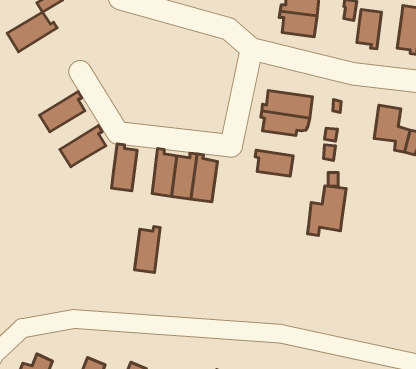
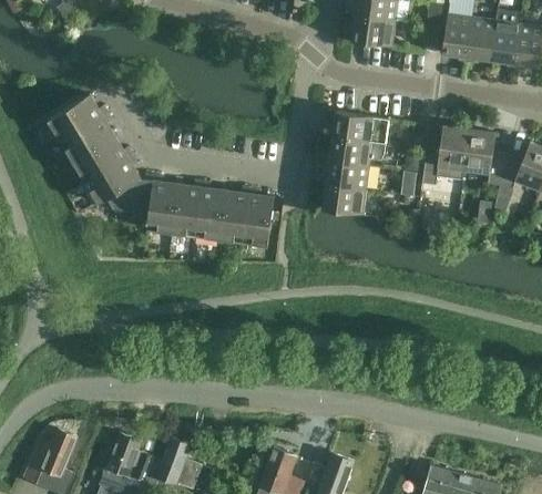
building: [7,12,57,52] -> [48,94,108,142]
building: none -> [467,18,497,63]
building: none -> [73,136,132,183]
building: none -> [321,161,369,191]
building: none -> [108,174,154,213]
building: [307,186,346,236] -> [422,126,469,186]
building: [134,226,160,273] -> [172,181,203,236]

